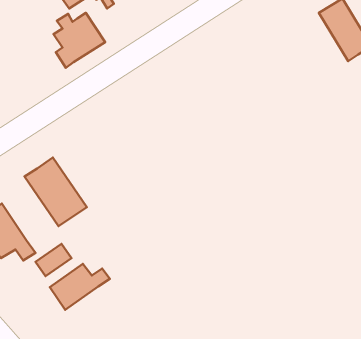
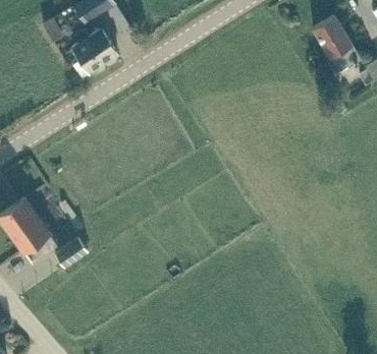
building: [25,157,87,226] -> none
building: [50,264,110,310] -> none

